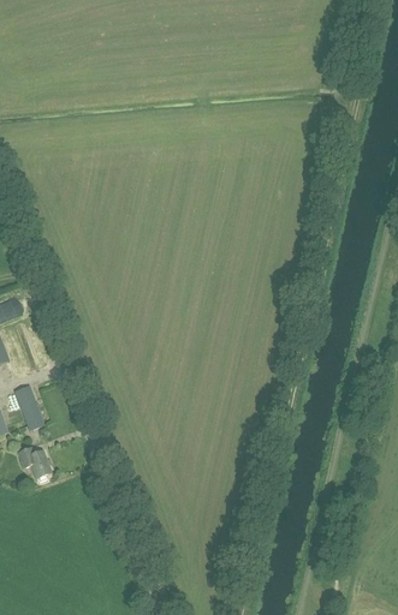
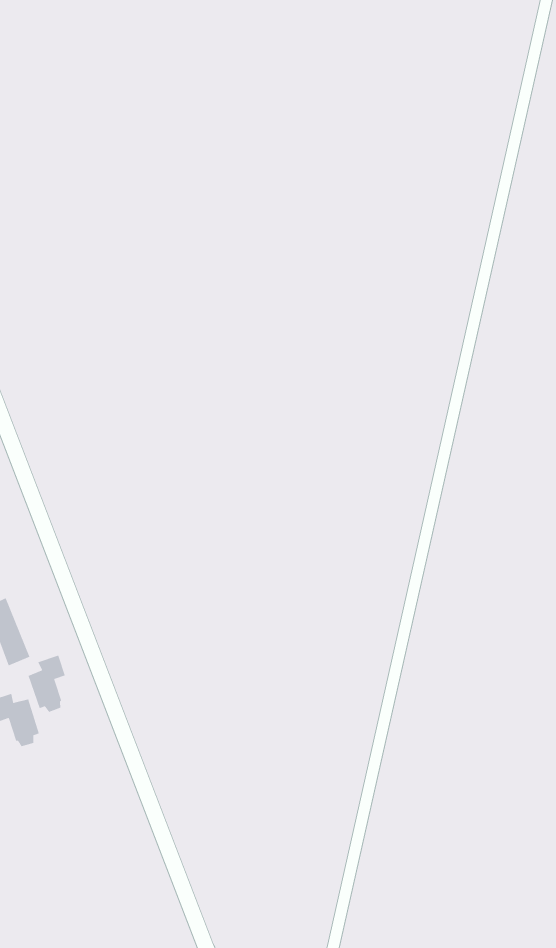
building: none -> [27,655,66,713]

